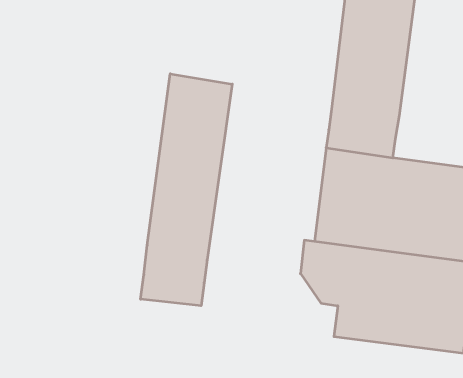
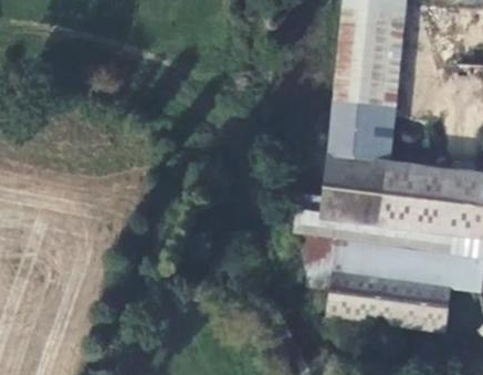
building: [141,74,232,306] -> none

